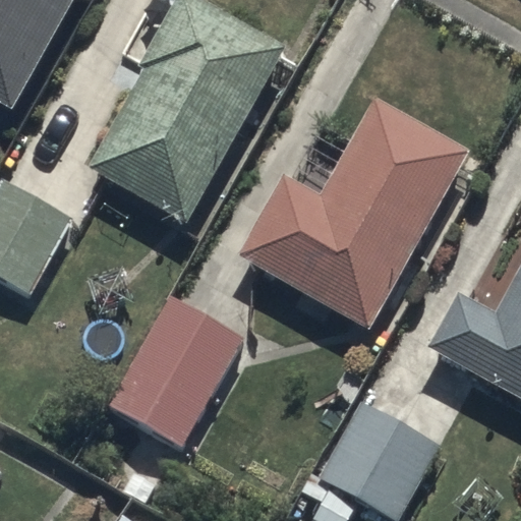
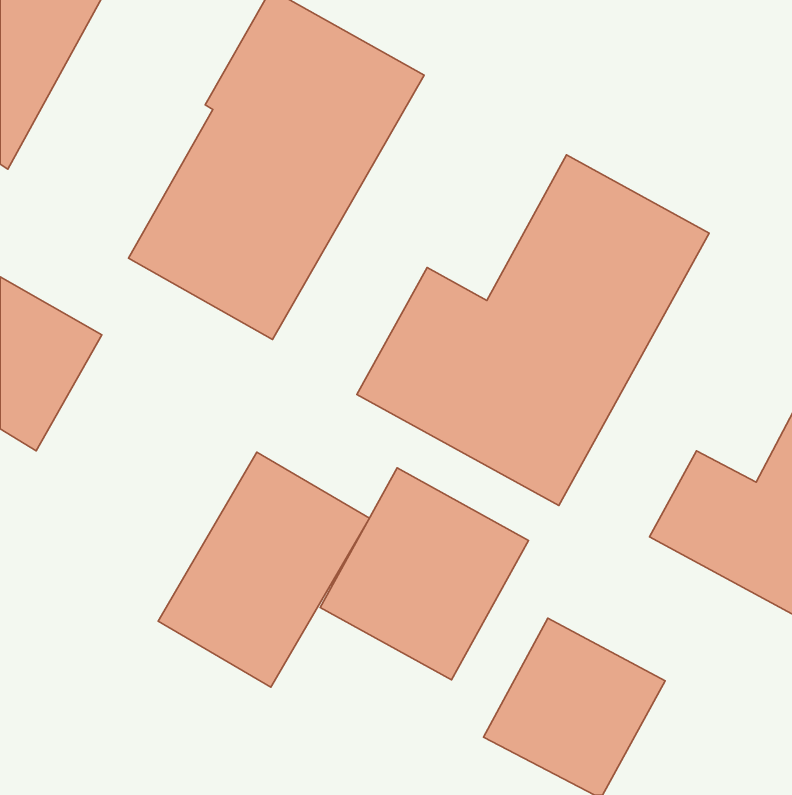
building: none -> [320,468,528,680]

